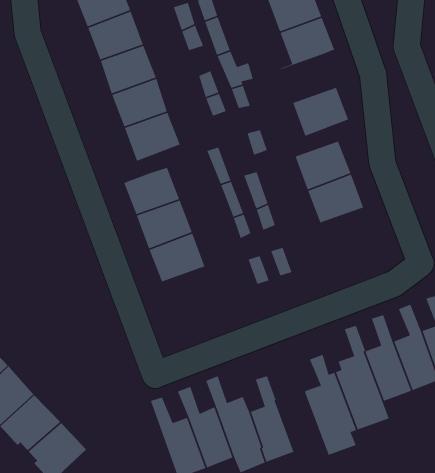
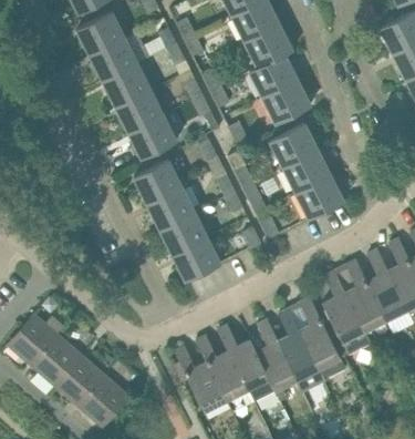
building: none -> [250,54,297,96]
building: none -> [295,175,343,218]
building: none -> [173,237,220,280]
building: none -> [276,308,323,390]

